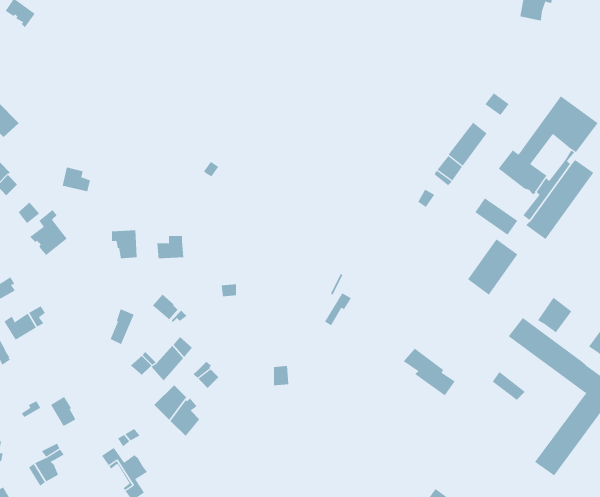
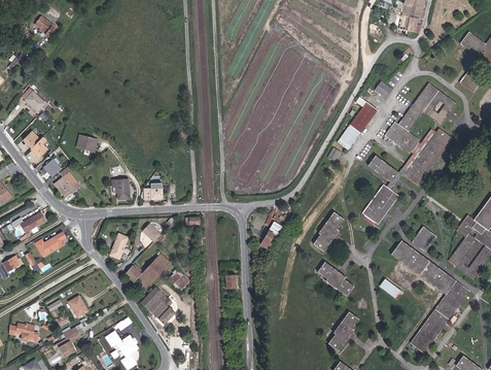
building: none -> [313,212,344,251]
building: none -> [328,311,359,350]

